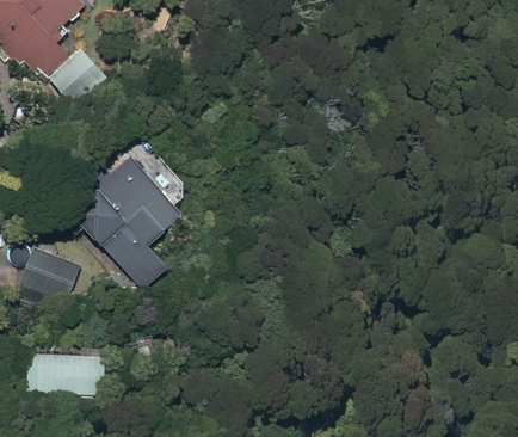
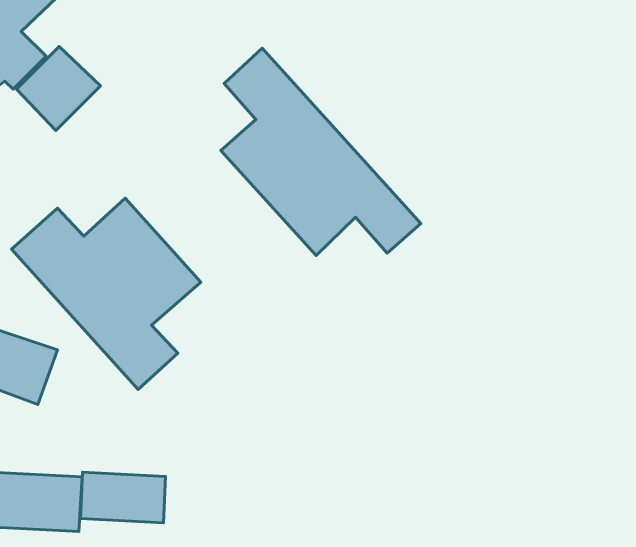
building: none -> [221,48,421,255]
building: none -> [81,472,165,523]

